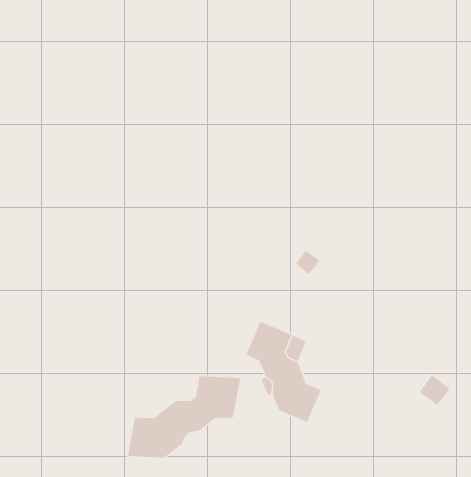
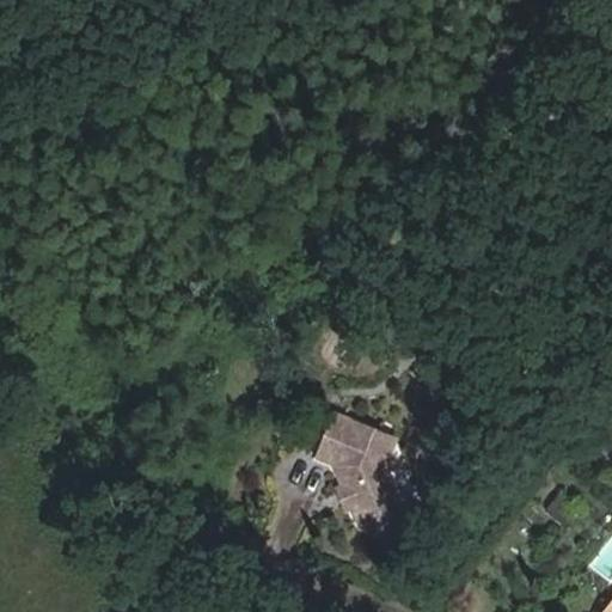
building: [127,376,241,459] -> none

